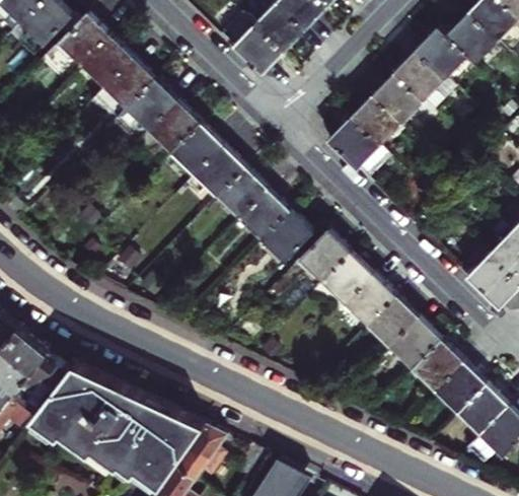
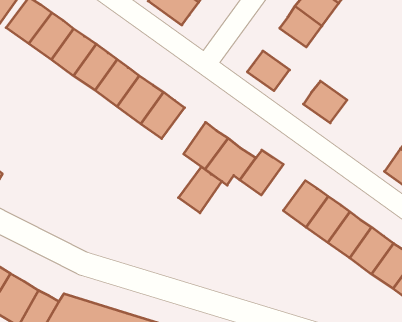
building: [348,95,398,145] -> [303,81,347,123]
building: [217,170,270,223] -> [178,167,222,213]
building: [321,253,374,305] -> none

